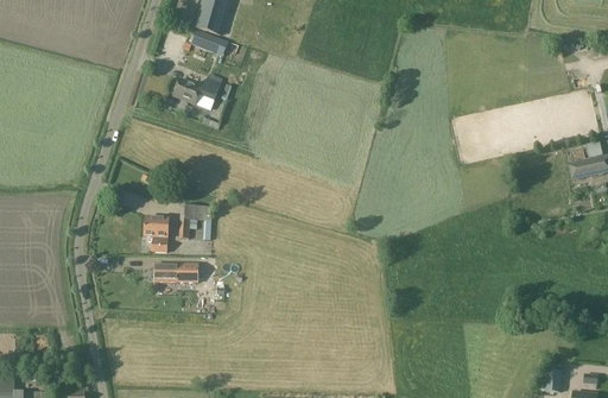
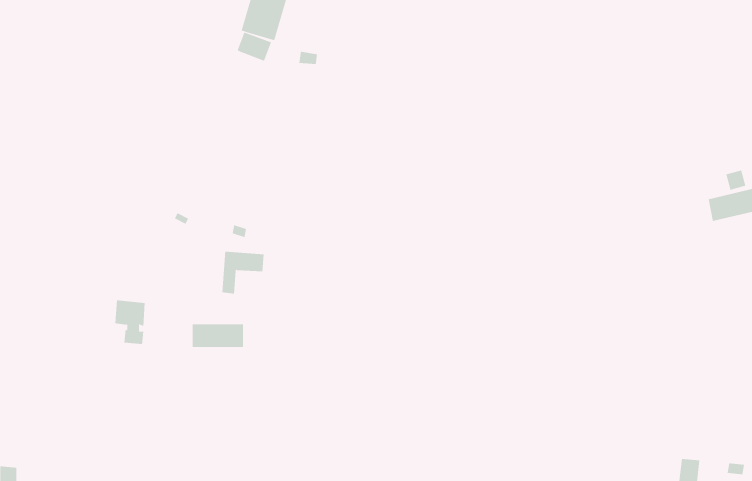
building: [175,77,222,110] -> none
building: [145,216,170,252] -> [115,300,146,344]

